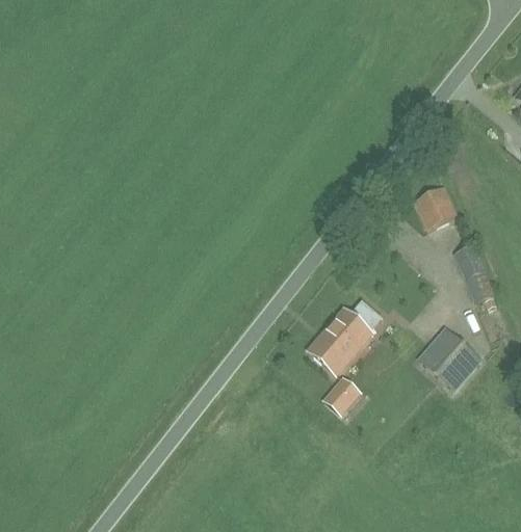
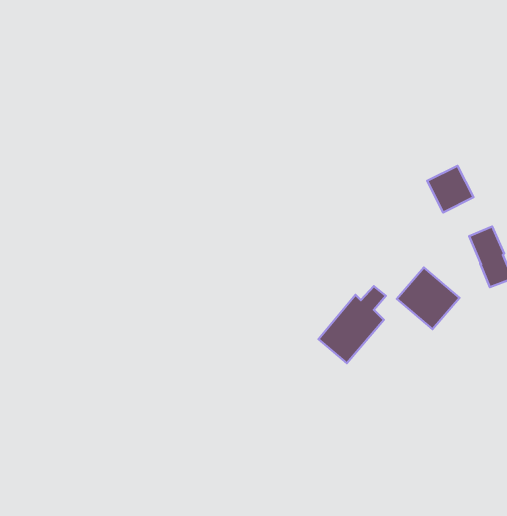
building: [419,328,479,388] -> [397,267,460,329]
building: [322,376,360,414] -> none

